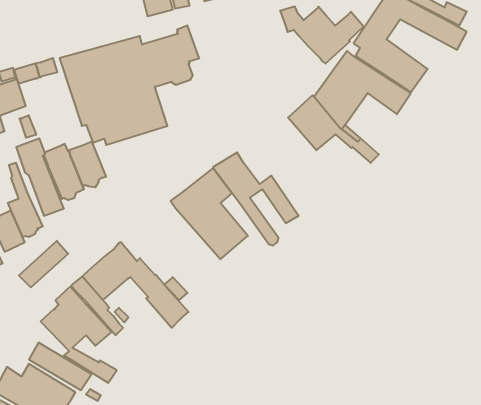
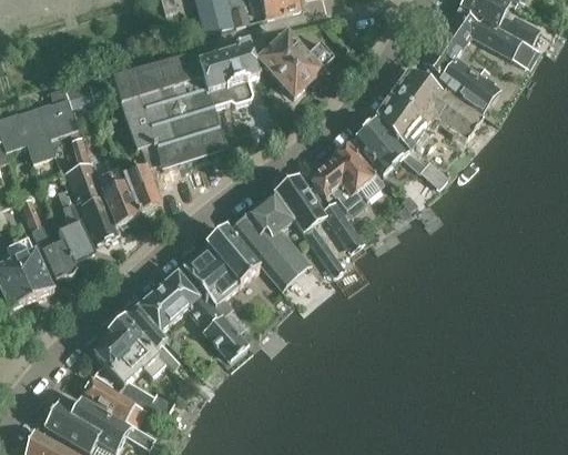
building: [280,7,364,64] -> [245,34,333,94]
building: none -> [310,143,384,208]
building: none -> [182,229,258,303]
building: [19,241,68,287] -> none

